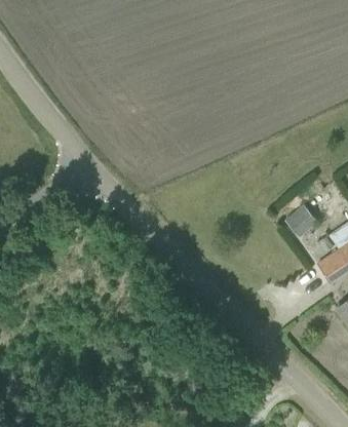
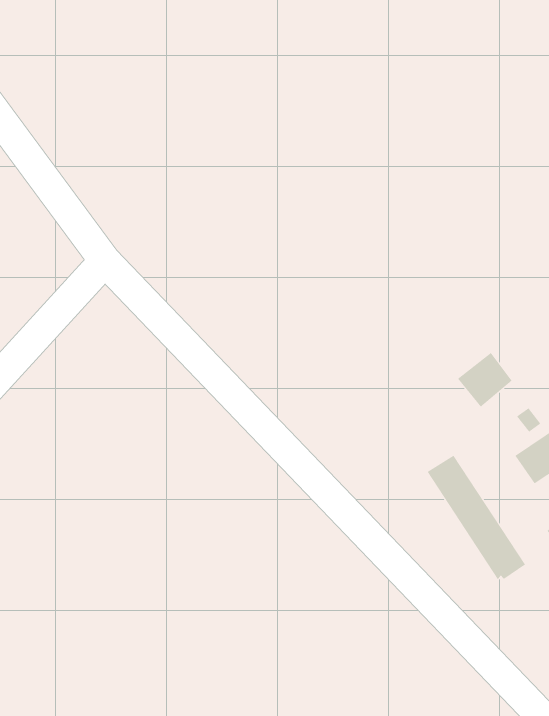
building: none -> [427,455,526,580]

